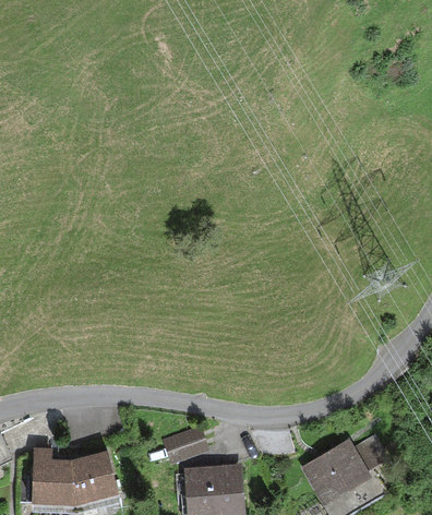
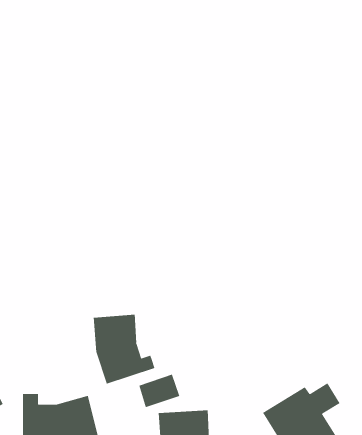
building: none -> [93,314,155,385]

